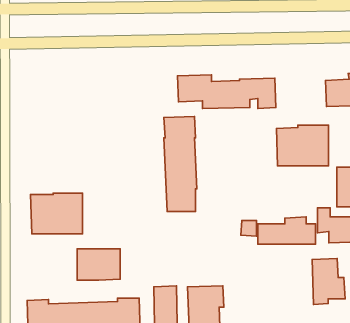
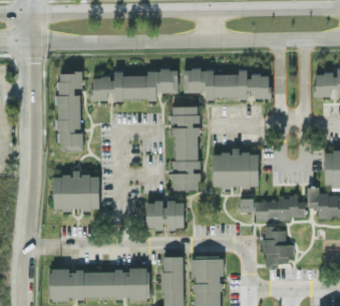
building: none -> [91,69,178,99]
building: none -> [56,71,82,150]
building: [276,125,328,166] -> [212,150,258,187]
building: [77,249,120,280] -> [145,201,184,229]
building: [312,258,345,305] -> [263,227,292,268]

